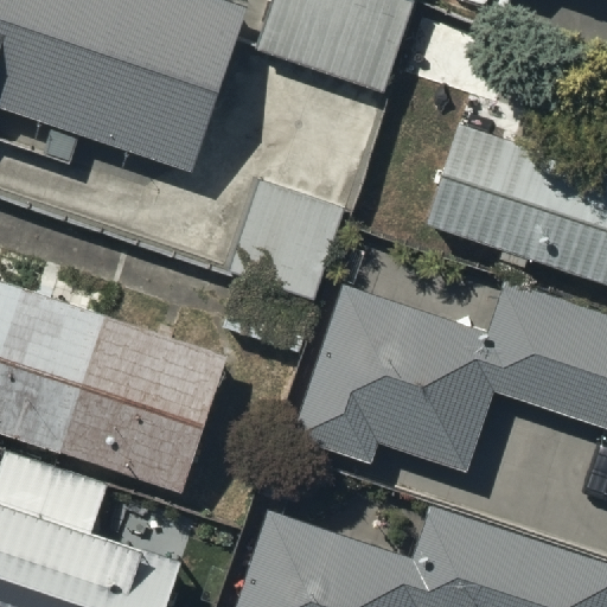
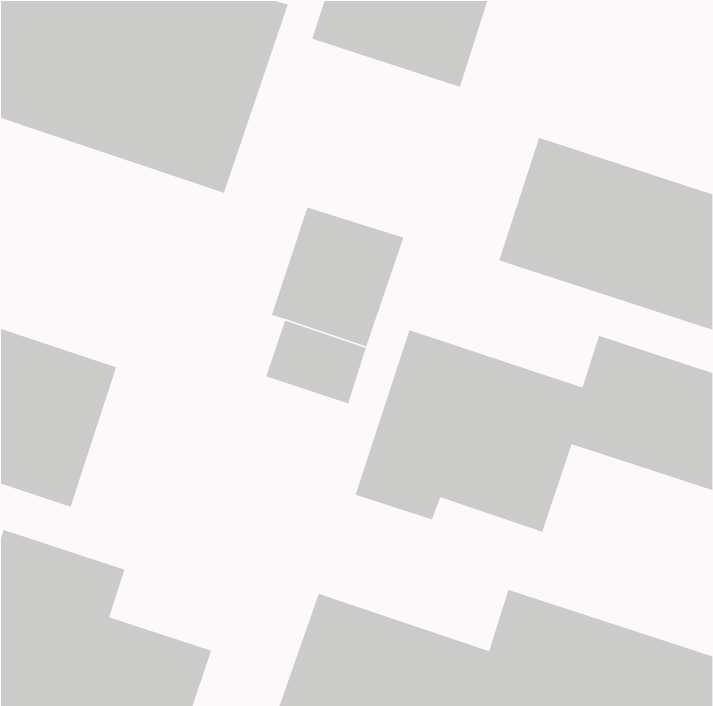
building: [60,318,221,477] -> none

